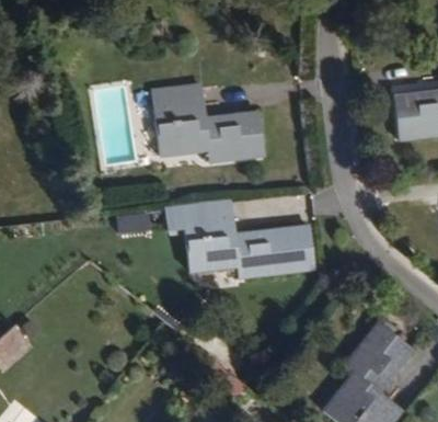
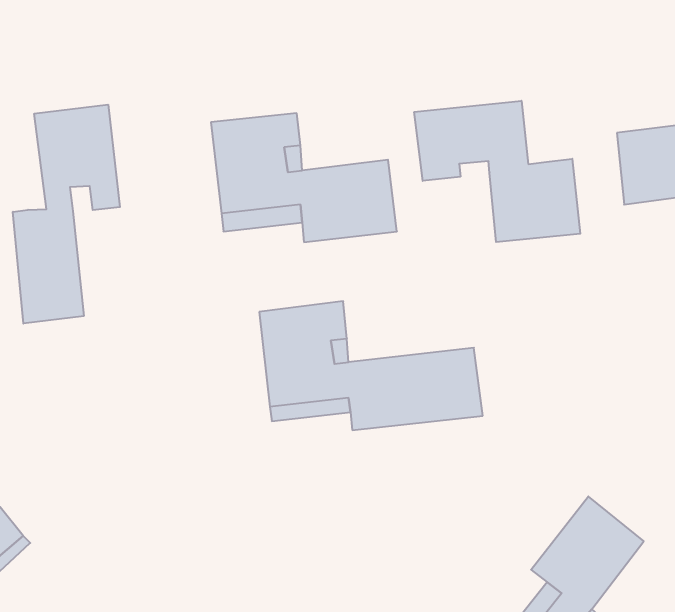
building: none -> [414,101,580,242]
building: none -> [13,105,120,324]

